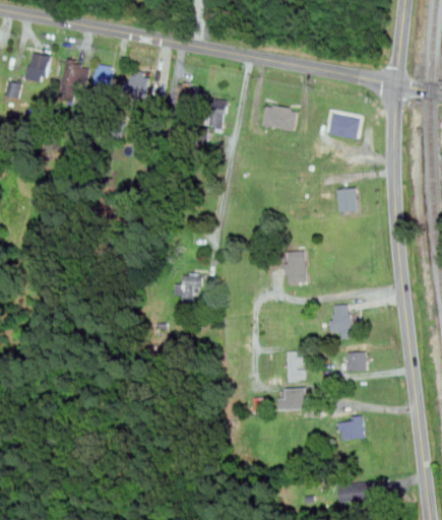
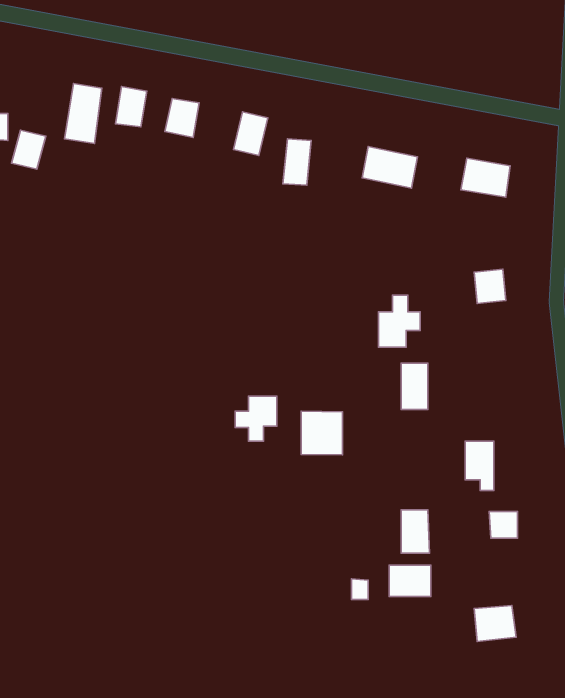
building: [26,56,50,82] -> [12,130,46,169]
building: none -> [378,295,420,347]
building: none -> [301,411,343,455]

